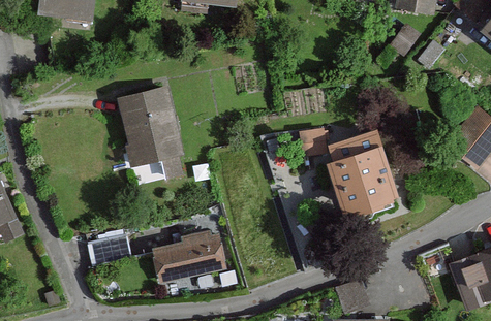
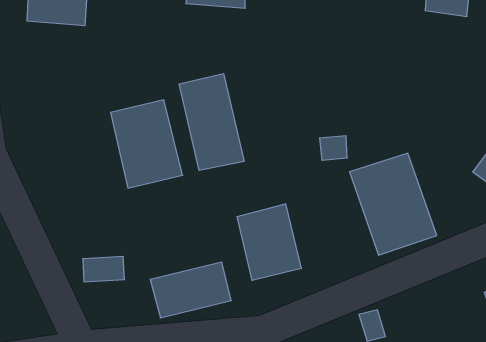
building: none -> [179,74,244,170]
building: none -> [237,204,301,281]

